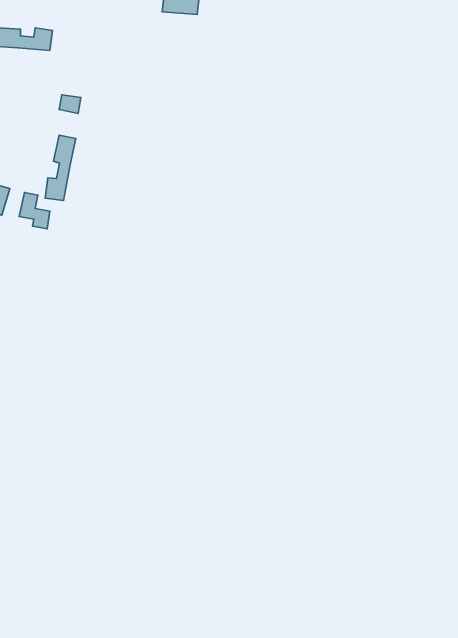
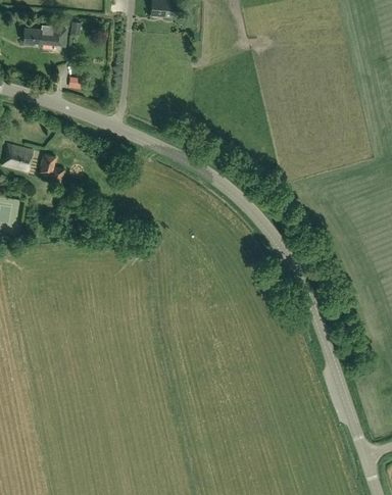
building: [45,135,76,200] -> none

